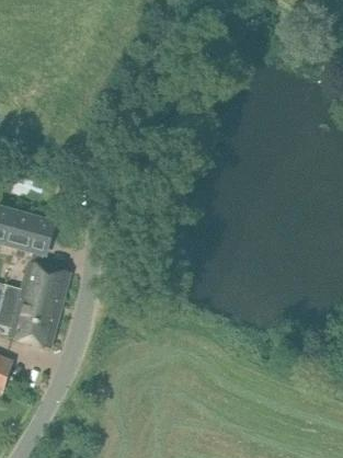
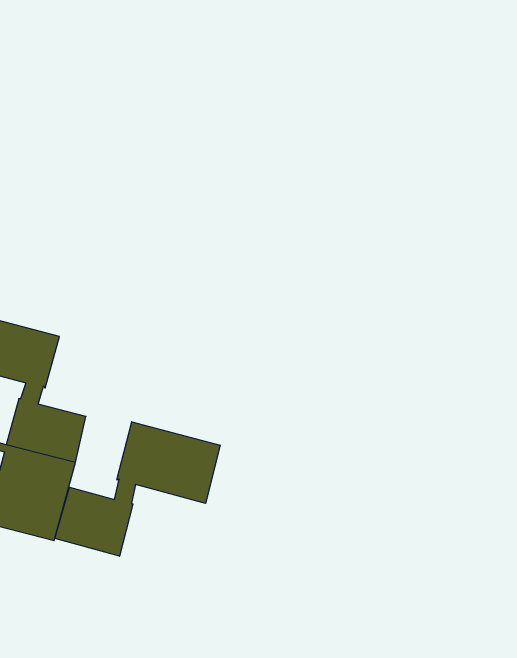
building: none -> [55,422,220,556]

